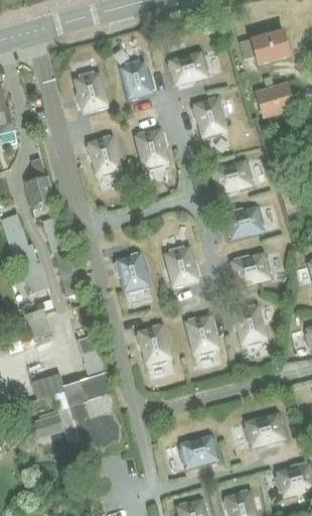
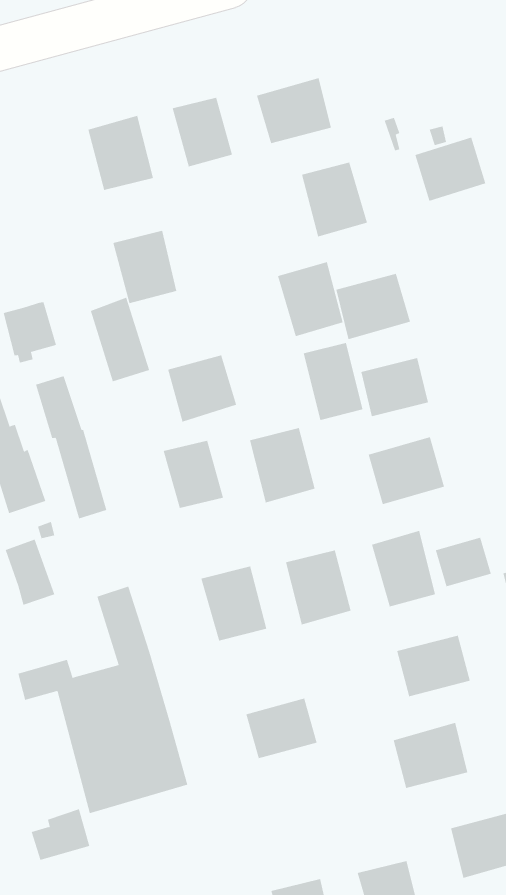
building: [239,28,290,62] -> none
building: [132,127,169,169] -> [277,262,344,337]
building: none -> [90,297,150,382]
building: none -> [303,342,363,421]
building: none -> [167,355,237,422]
building: none -> [435,537,492,587]
building: none -> [396,635,471,697]
building: [29,408,62,437] -> [31,809,90,861]
building: [178,433,218,468] -> [246,698,318,759]

